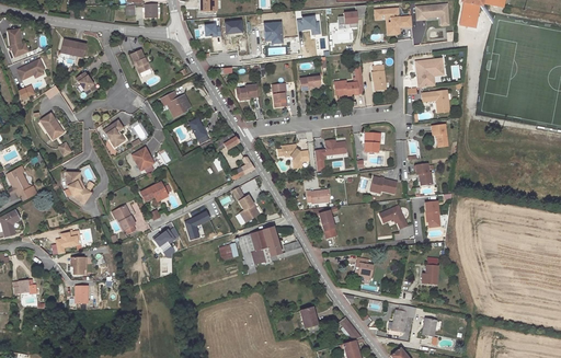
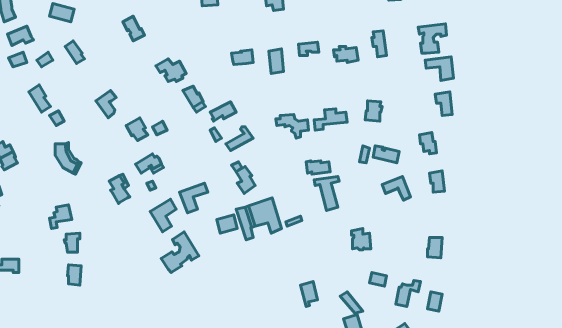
building: none -> [161,232,199,273]

